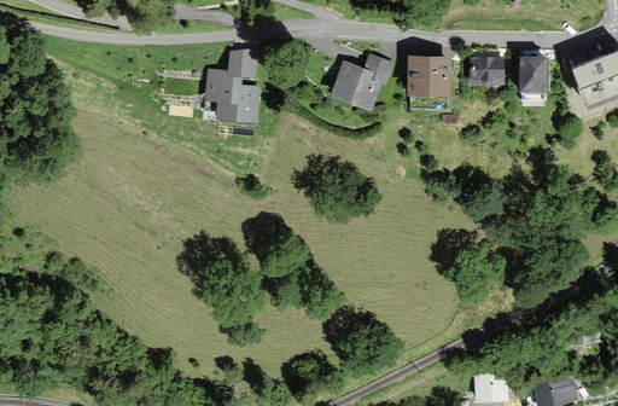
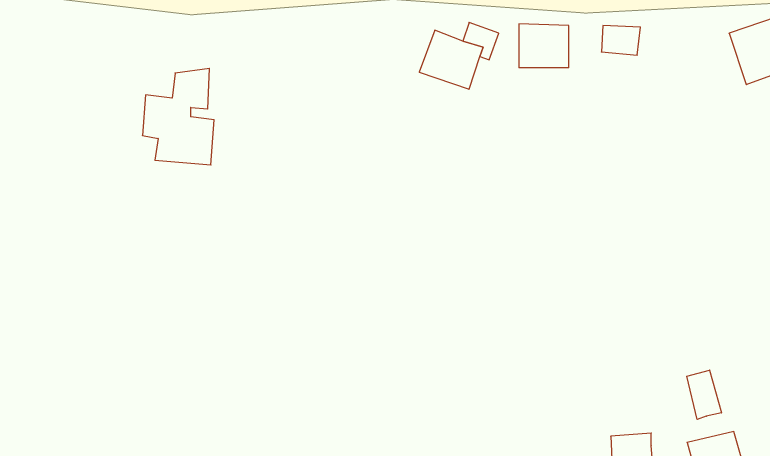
building: [208,48,263,123] -> [142,68,214,165]
building: [518,58,543,88] -> none
building: none -> [687,370,721,419]

